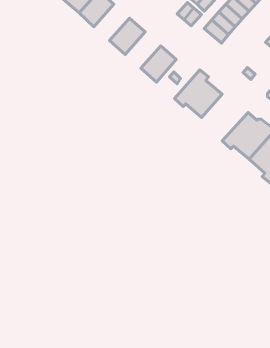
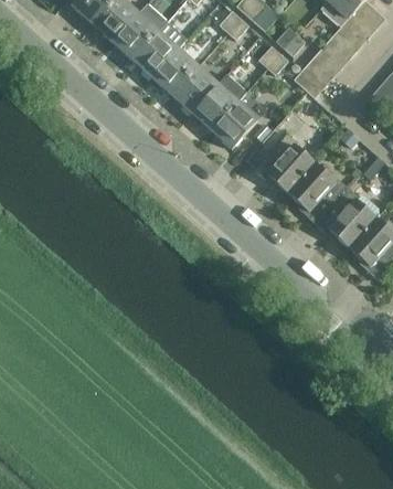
building: none -> [152,47,198,94]
building: none -> [192,83,237,129]
building: none -> [289,162,349,222]

